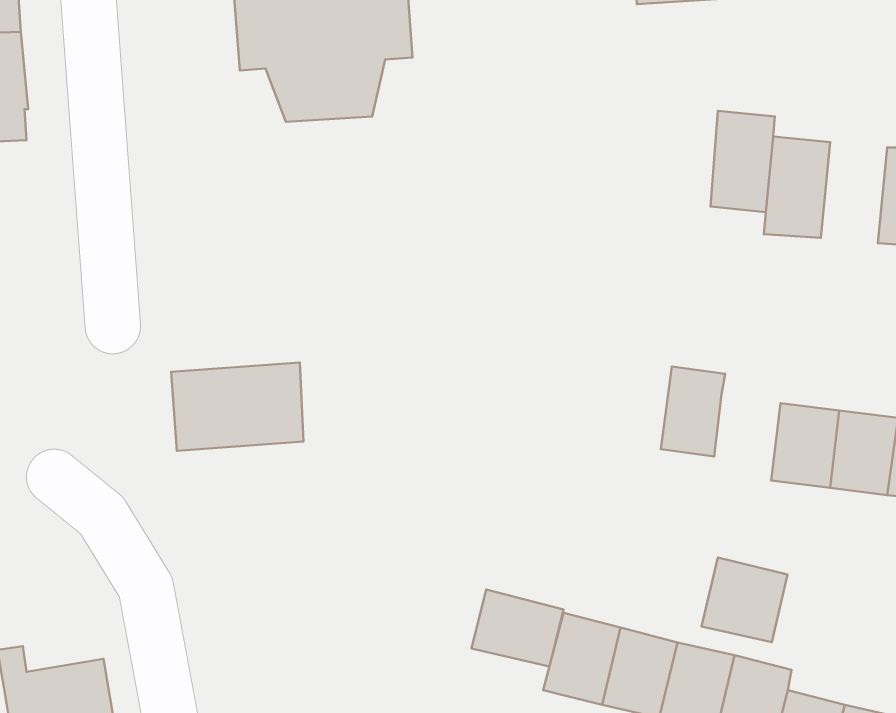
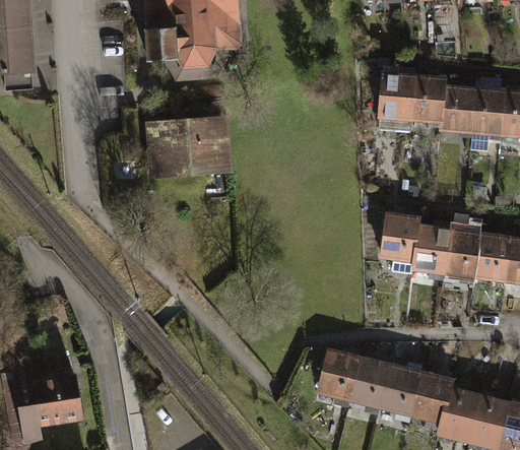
building: none -> [379,67,414,123]
building: none -> [471,87,508,143]
building: [171,363,304,451] -> [153,119,226,168]
building: none -> [411,227,449,274]
building: [701,557,787,642] -> none
building: [472,590,563,667] -> none

